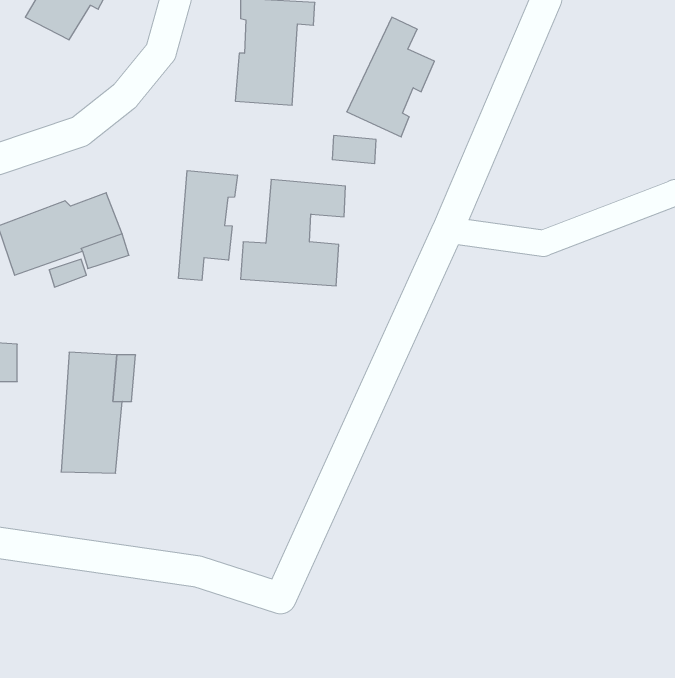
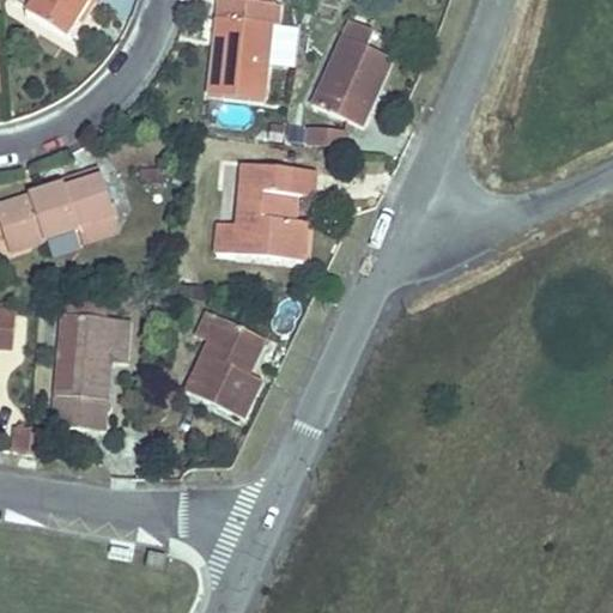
building: [179,171,237,280] -> none
building: none -> [188,321,257,412]

